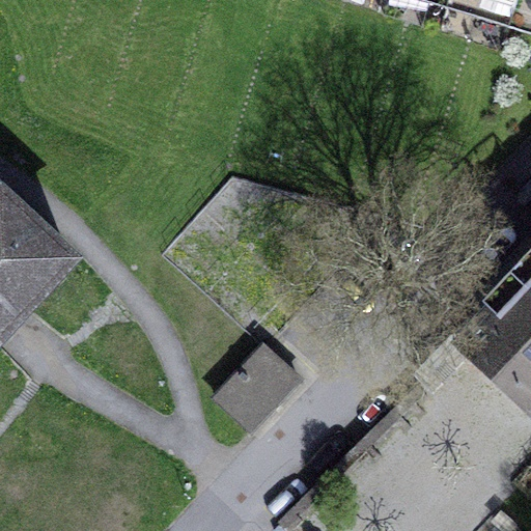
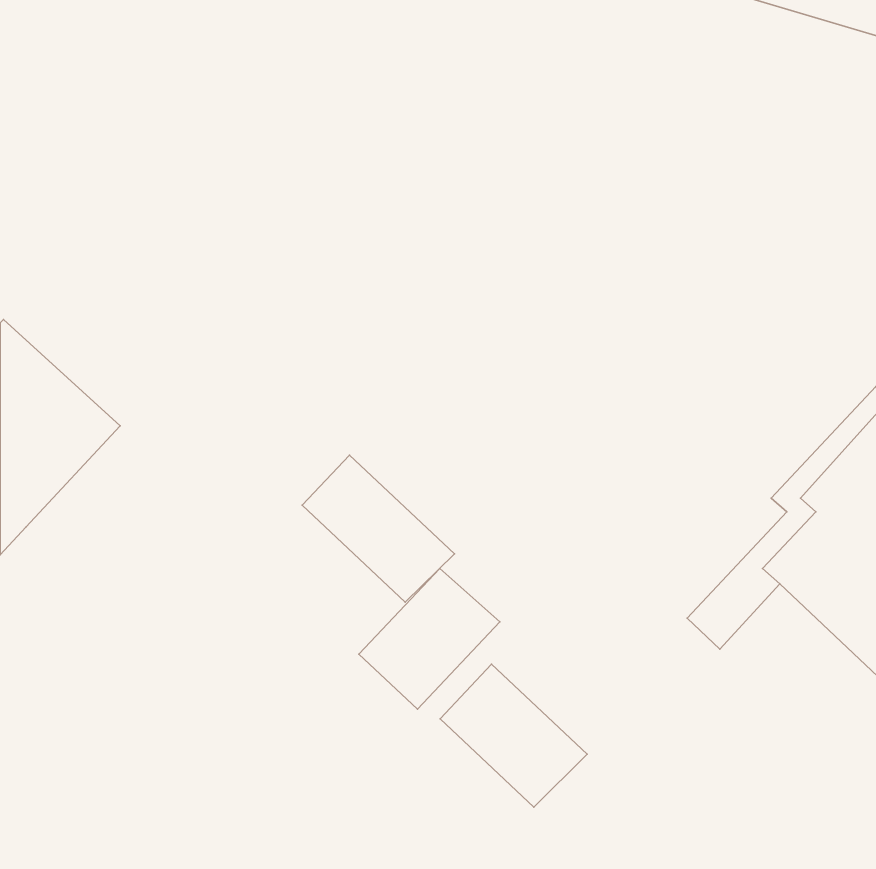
building: none -> [302,455,455,602]
building: none -> [440,664,587,807]

